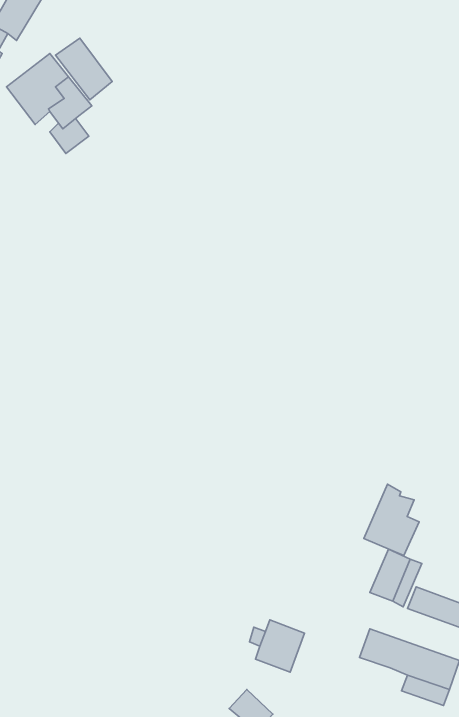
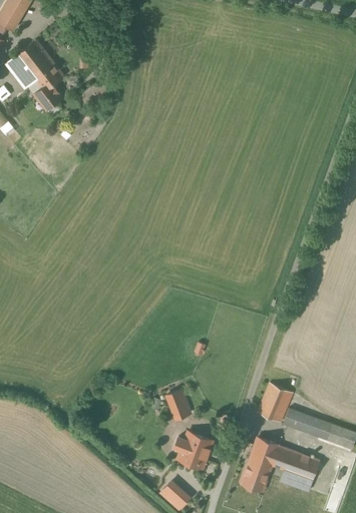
building: [55,38,112,100] -> none
building: [364,484,419,556] -> none
building: none -> [165,390,190,419]
building: none -> [240,458,271,491]

